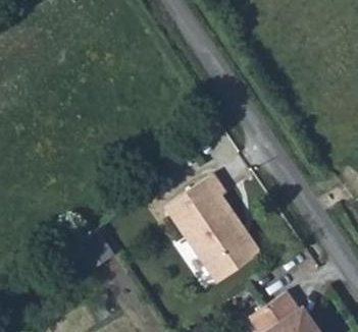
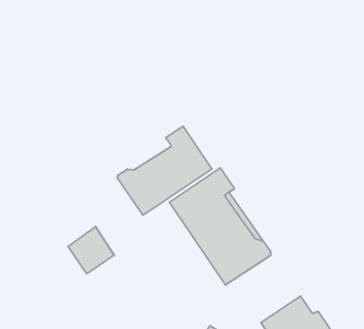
building: none -> [117,126,212,215]

